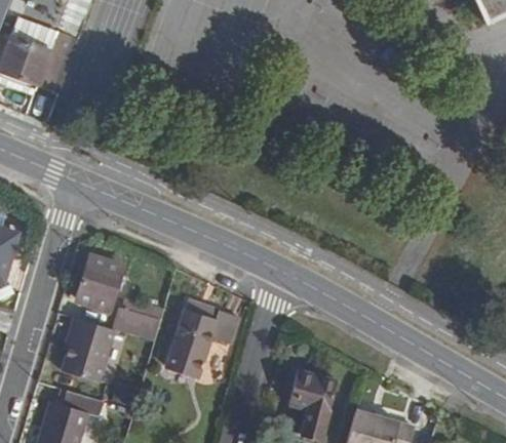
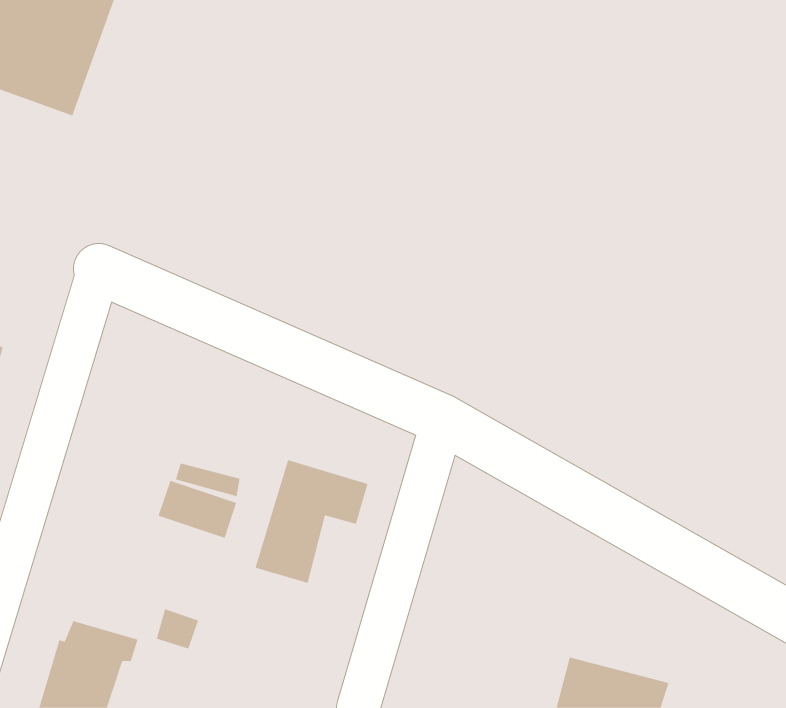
building: [76,258,121,310] -> none
building: [61,320,112,381] -> none
building: [286,369,335,436] -> none

